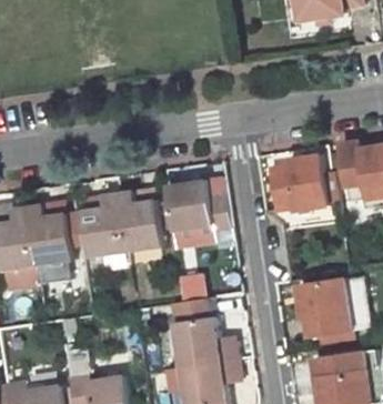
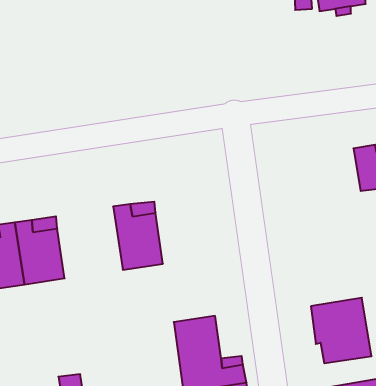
building: [265,154,326,211] -> none
building: [163,185,228,238] -> none
building: [80,198,123,261] -> none

